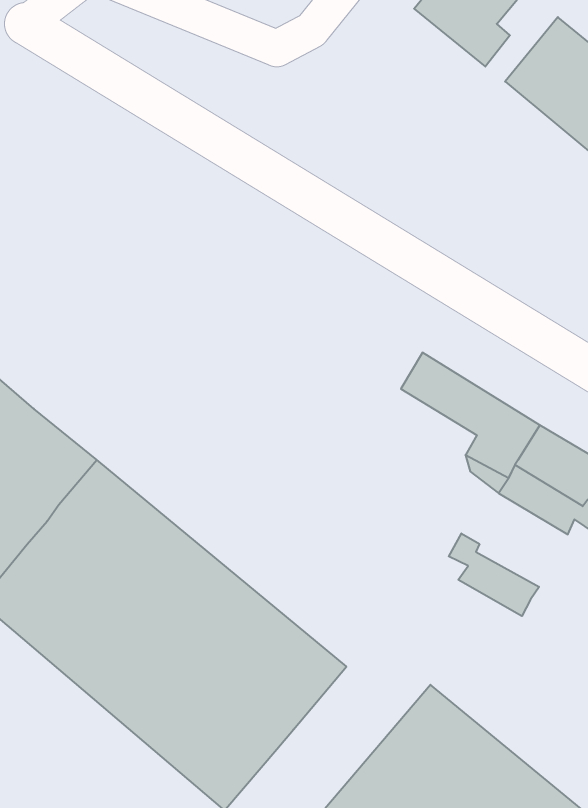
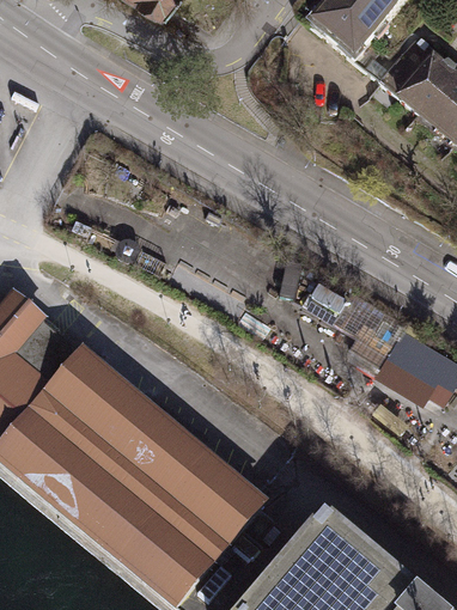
building: [449,533,539,616] -> none

